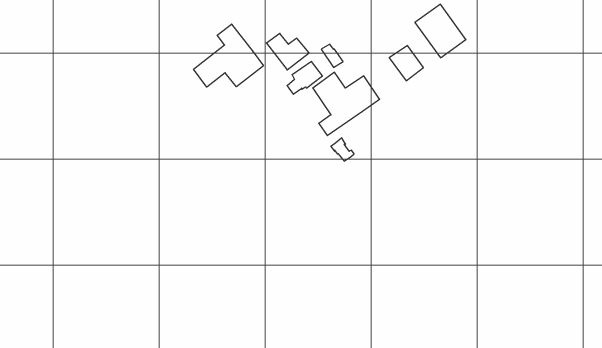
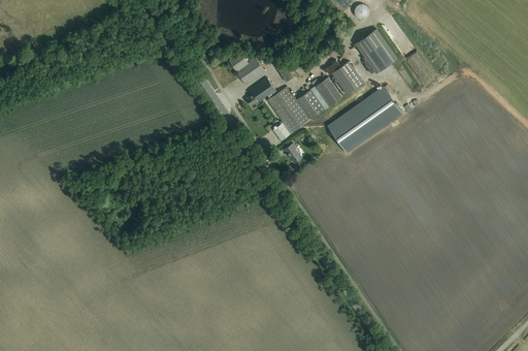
building: [194,24,263,87] -> none
building: none -> [314,77,341,107]
building: none -> [328,88,400,153]

